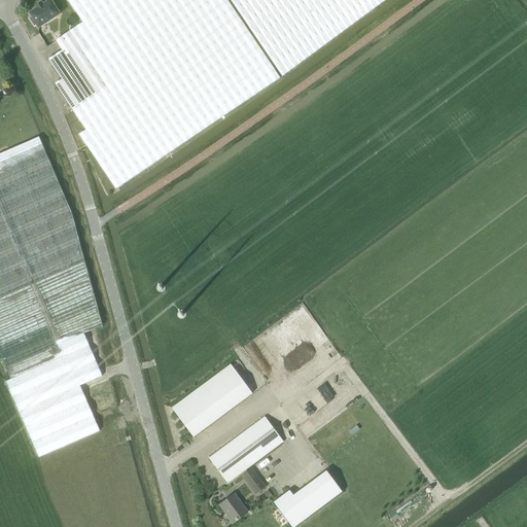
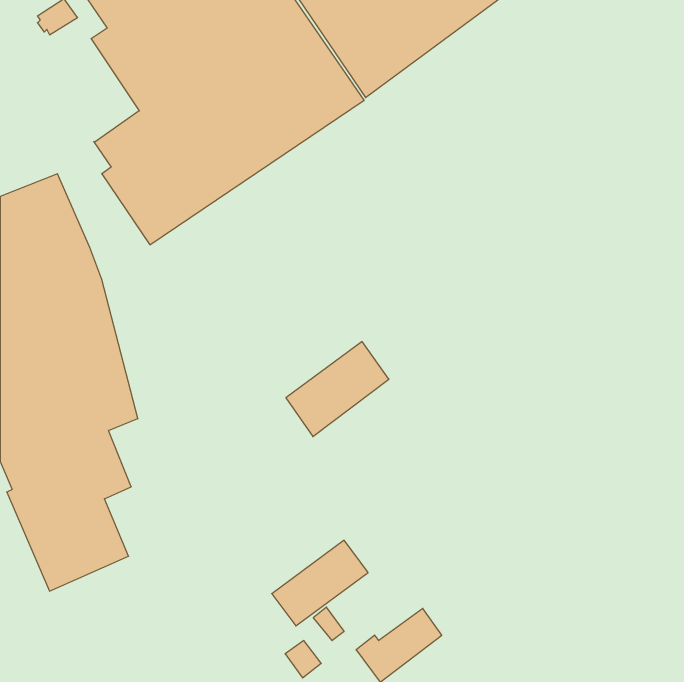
building: [47,30,107,109] -> none
building: [172,363,251,436] -> [286,342,389,437]

